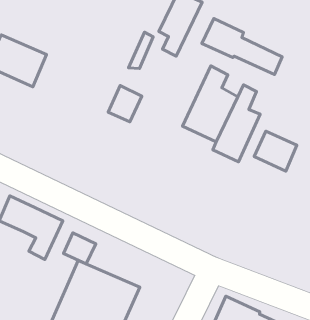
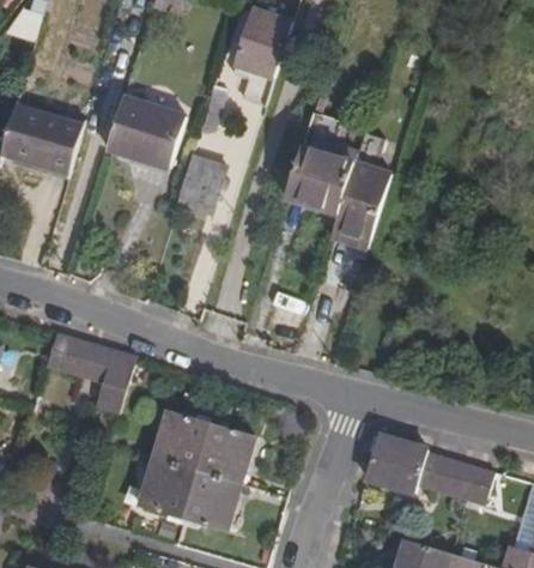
building: [202,18,282,74] -> none
building: none -> [104,98,184,169]
building: [254,131,297,171] -> none
building: [64,233,96,264] -> none

